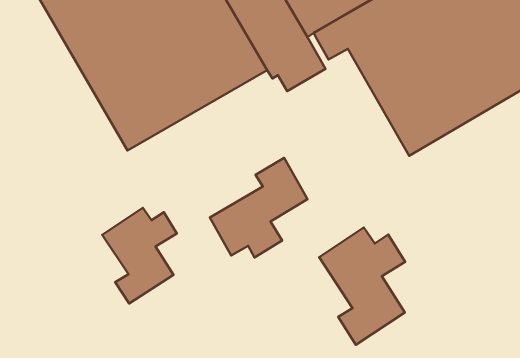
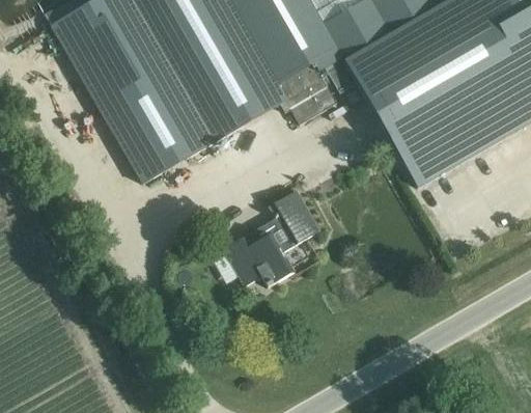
building: [102,208,177,304] -> none
building: [319,228,405,345] -> none

